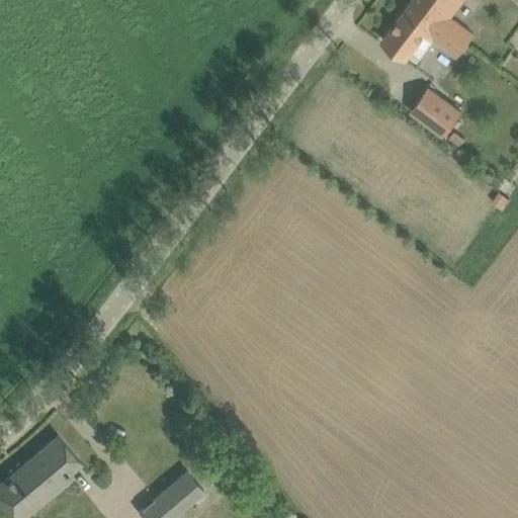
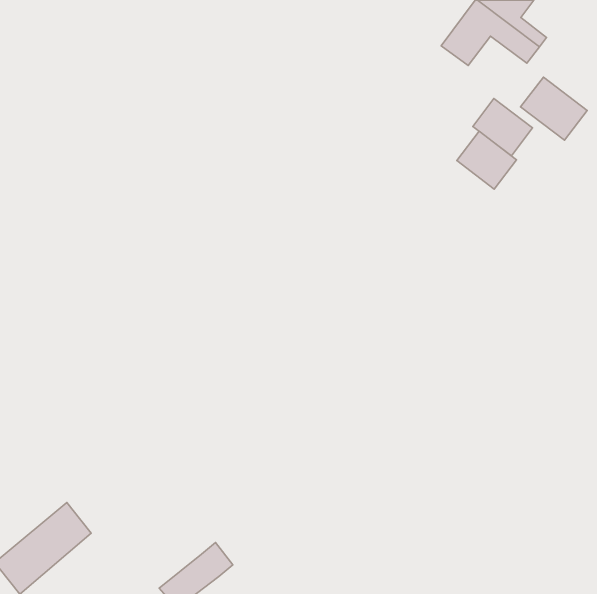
building: none -> [521,77,587,140]
building: none -> [457,131,517,189]

